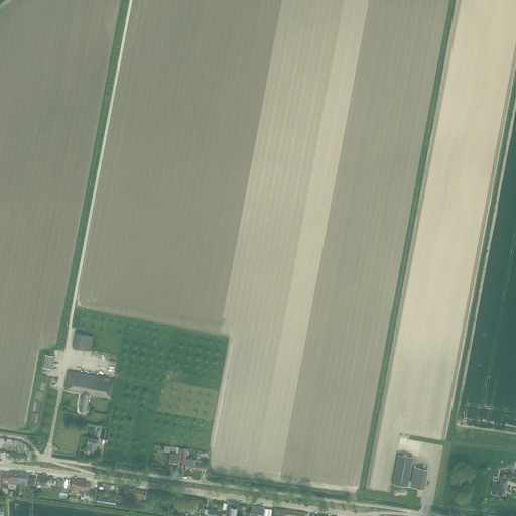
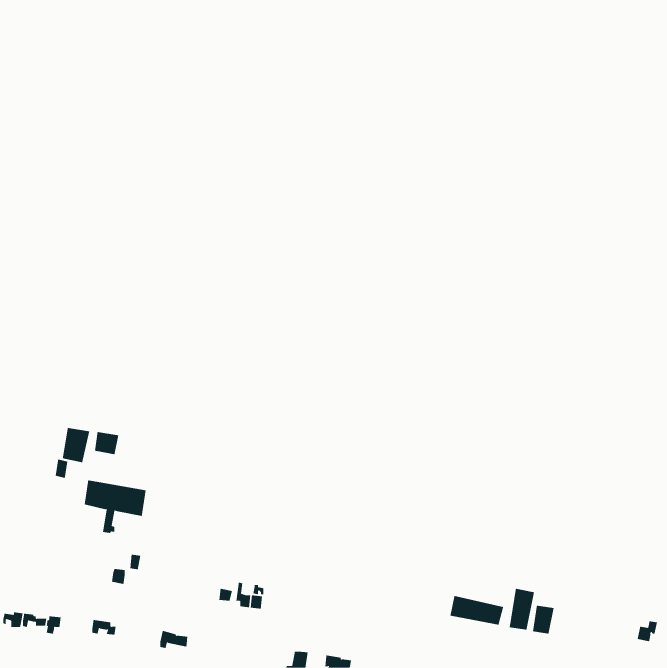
building: none -> [62,427,90,463]
building: none -> [450,595,504,626]

